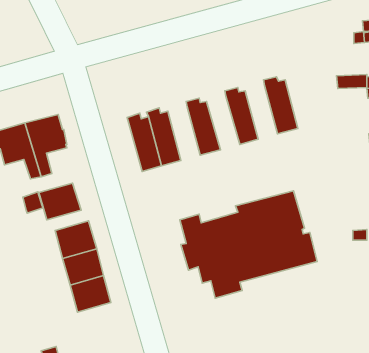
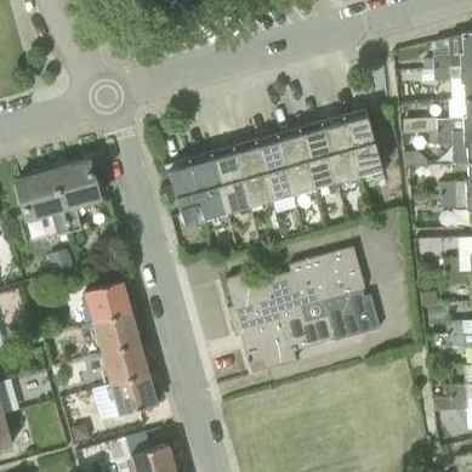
building: none -> [342,113,382,177]
building: none -> [298,125,336,189]
building: none -> [255,136,294,201]
building: none -> [210,149,249,214]
building: [39,183,81,220] -> none
building: none -> [110,374,157,415]

